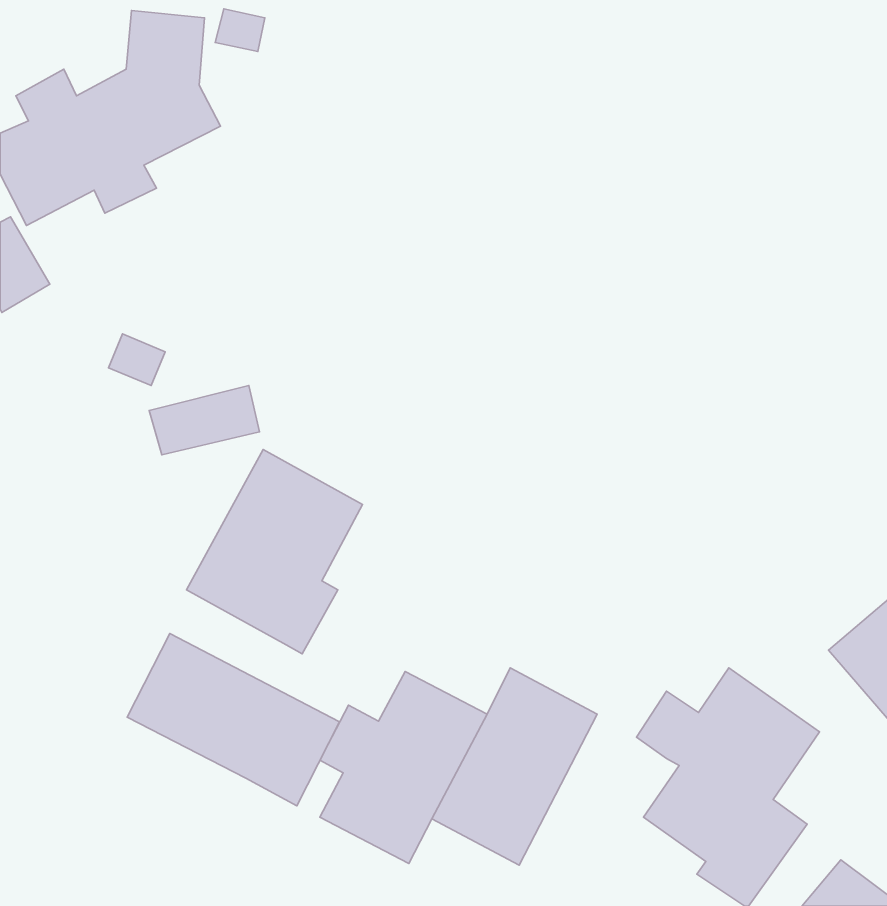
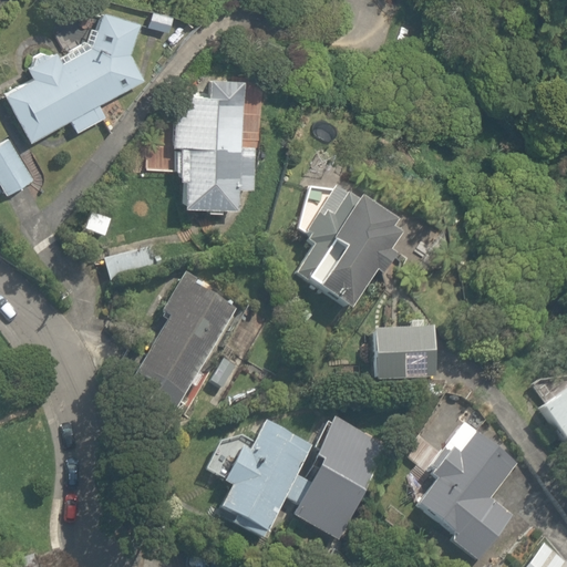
building: none -> [174,84,262,213]
building: none -> [293,187,404,309]
building: none -> [368,317,440,379]
building: [127,634,339,806] -> none

